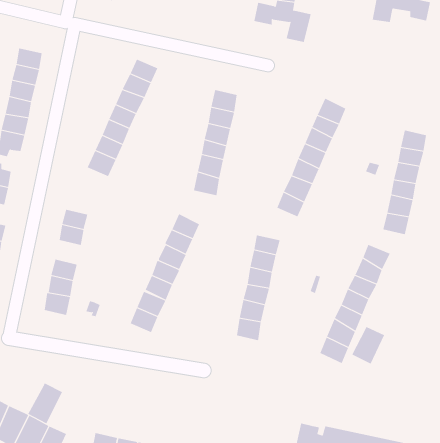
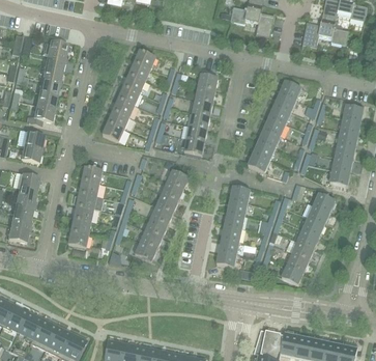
building: none -> [301,20,348,47]
building: none -> [74,190,104,210]
building: [351,326,385,364] -> none
building: [28,383,63,424] -> none

